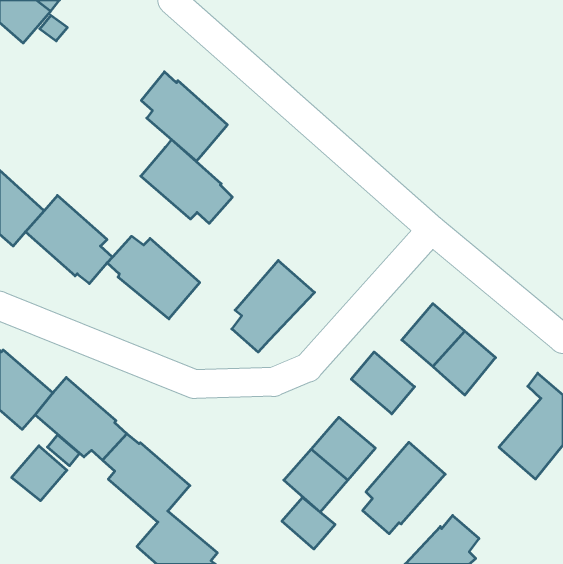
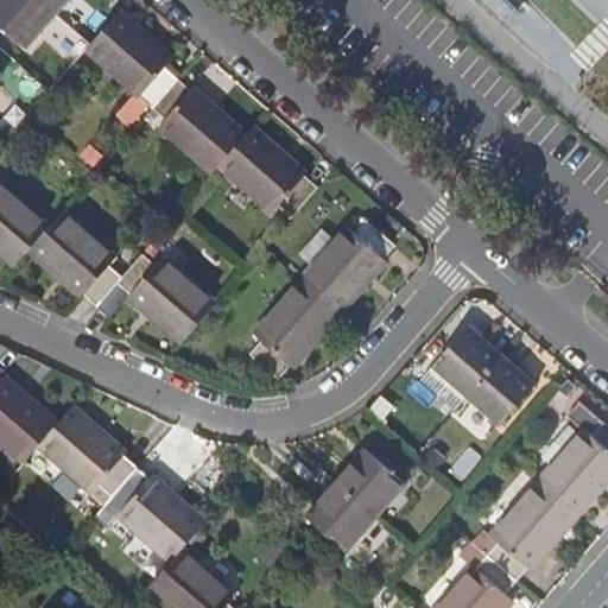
building: none -> [84,11,177,108]
building: [141,140,232,223] -> [218,126,317,216]
building: none -> [299,220,394,315]
building: [351,352,415,414] -> none
building: [363,442,445,534] -> [487,481,576,580]
building: [12,446,67,501] -> none
building: [282,498,335,549] -> none

